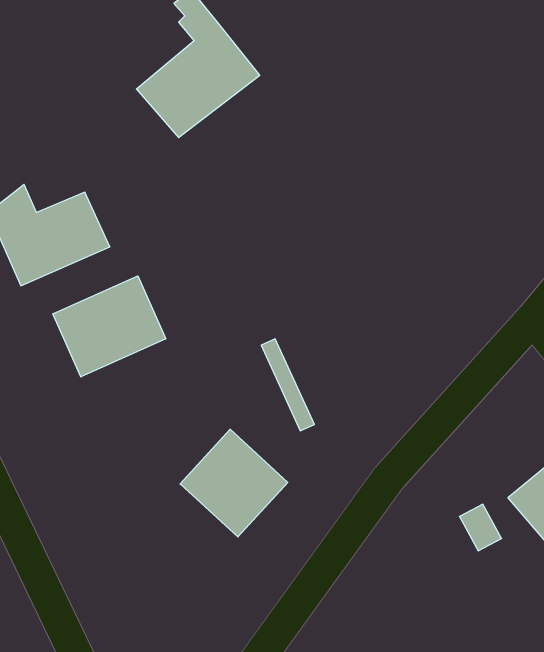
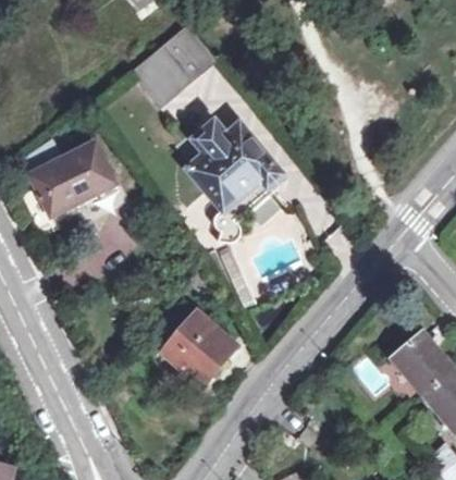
building: none -> [185,124,287,233]
building: [53,276,166,377] -> none

